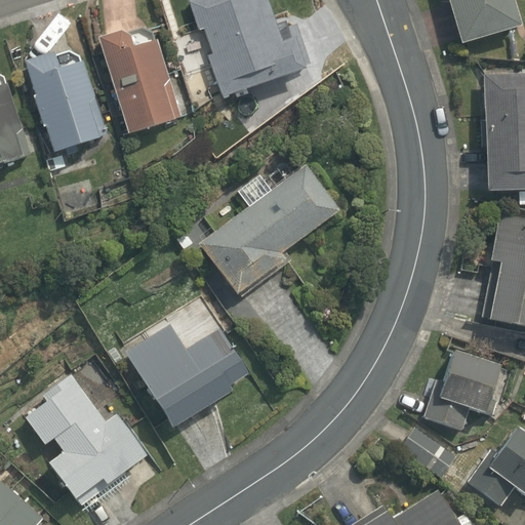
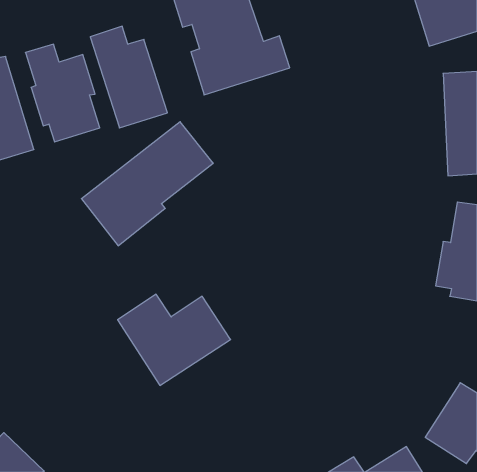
building: [198,161,341,296] -> [81,122,213,246]
building: [417,351,502,432] -> none
building: [19,372,152,502] -> none
building: [395,425,456,479] -> none

